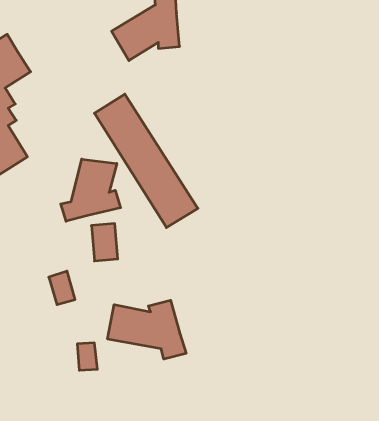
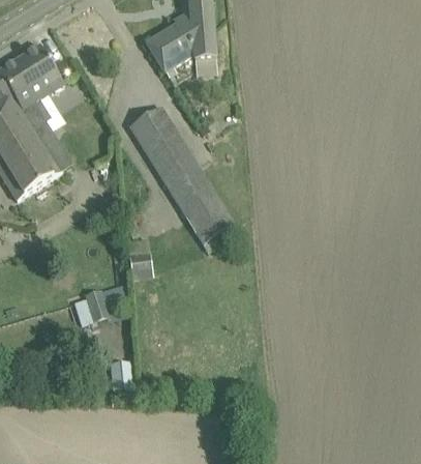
building: [61,159,121,221] -> none
building: [108,300,186,359] -> none

